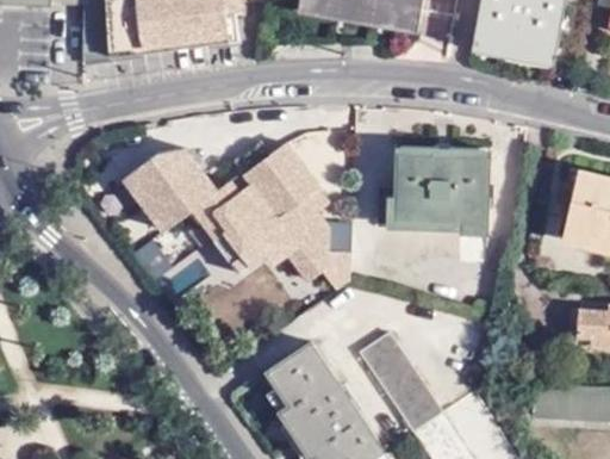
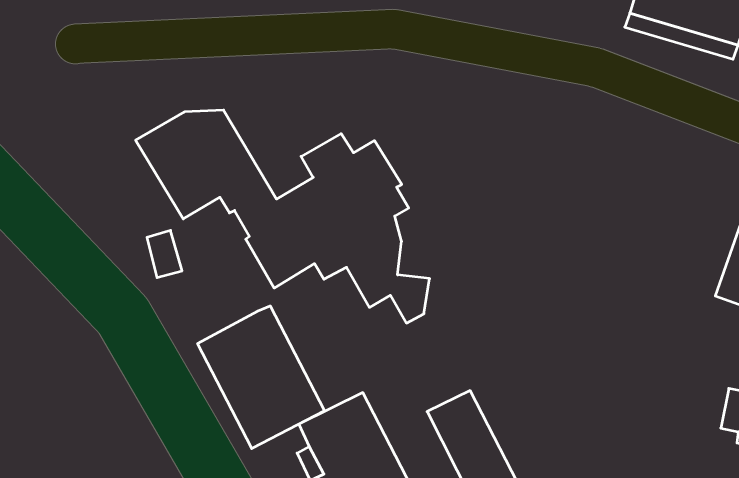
building: [392,151,491,232] -> none
building: none -> [198,306,324,449]

